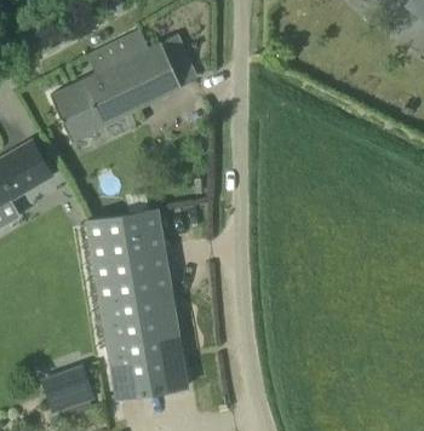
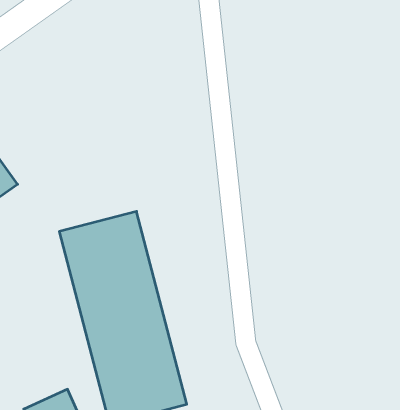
building: [51,30,182,142] -> none

